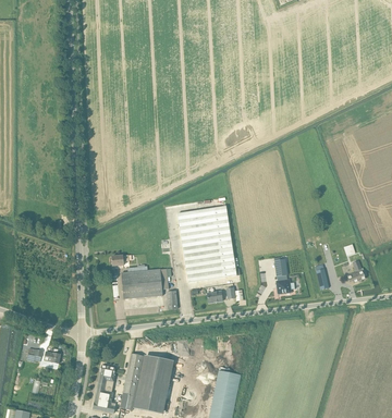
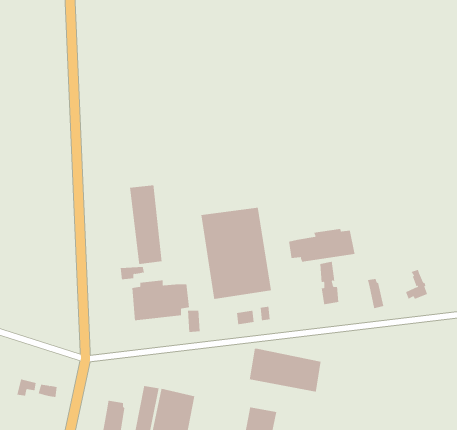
building: none -> [129,185,162,265]
building: none -> [288,228,355,263]
building: none -> [249,348,321,393]

